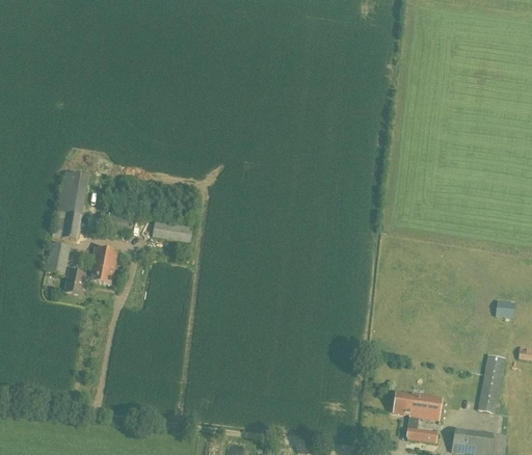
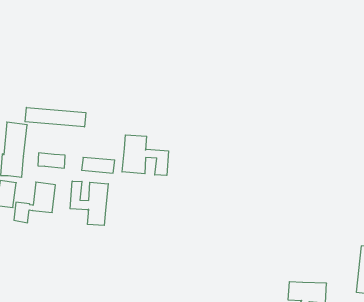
building: none -> [25,107,86,127]
building: none -> [122,135,168,175]
building: none -> [70,181,108,225]

